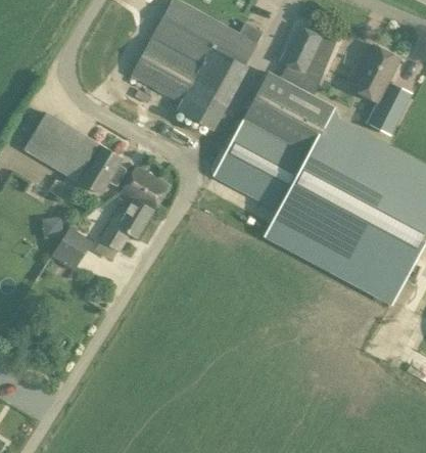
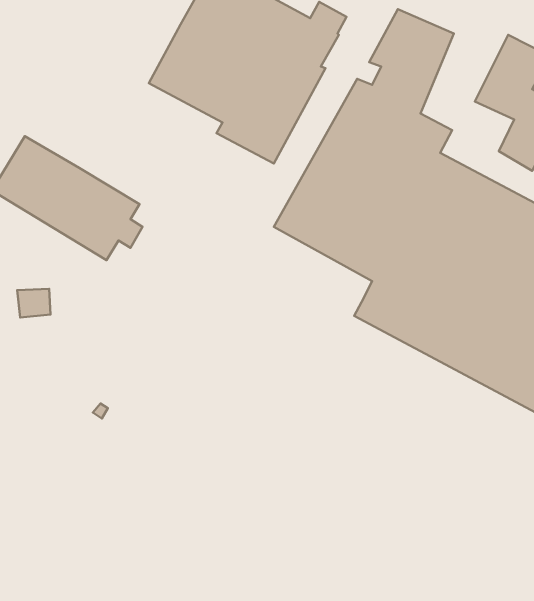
building: [99,166,168,251] -> none
building: [52,227,93,270] -> none

